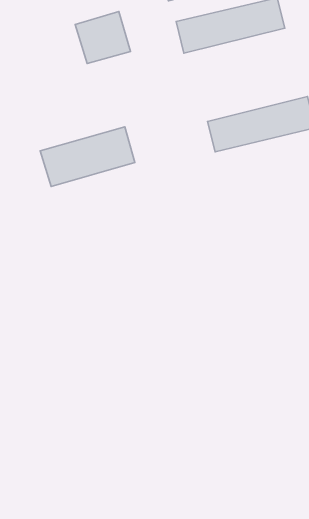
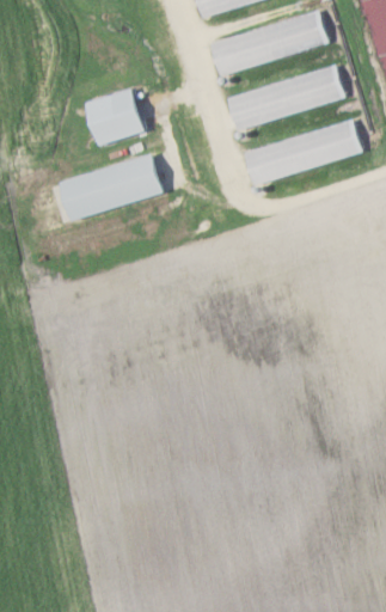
building: [75,11,131,64] -> [84,87,145,145]
building: none -> [225,66,344,128]

